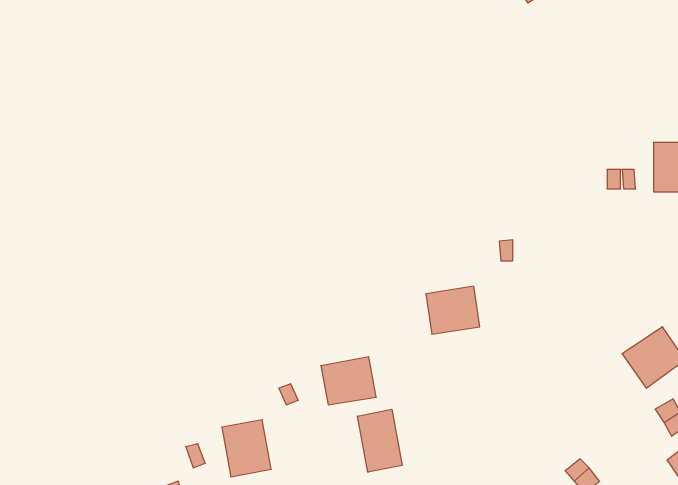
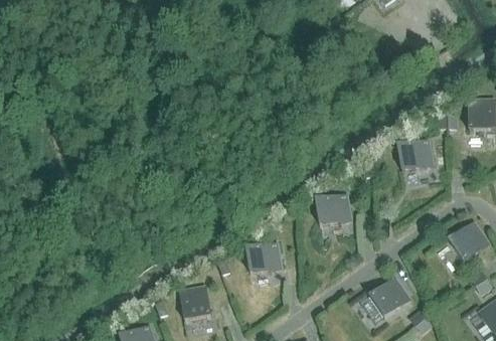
building: none -> [396,139,434,171]
building: [357,409,402,472] -> none
building: none -> [367,277,410,318]

